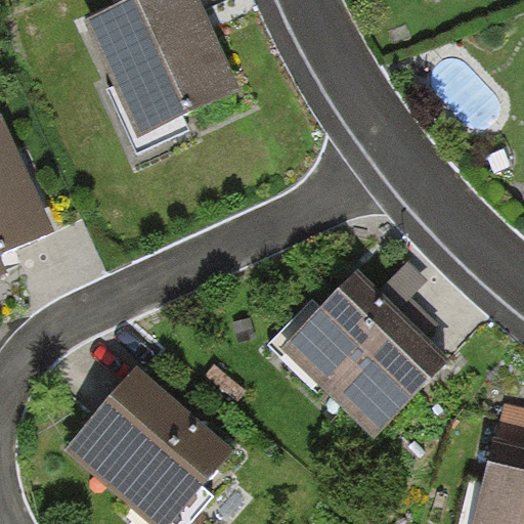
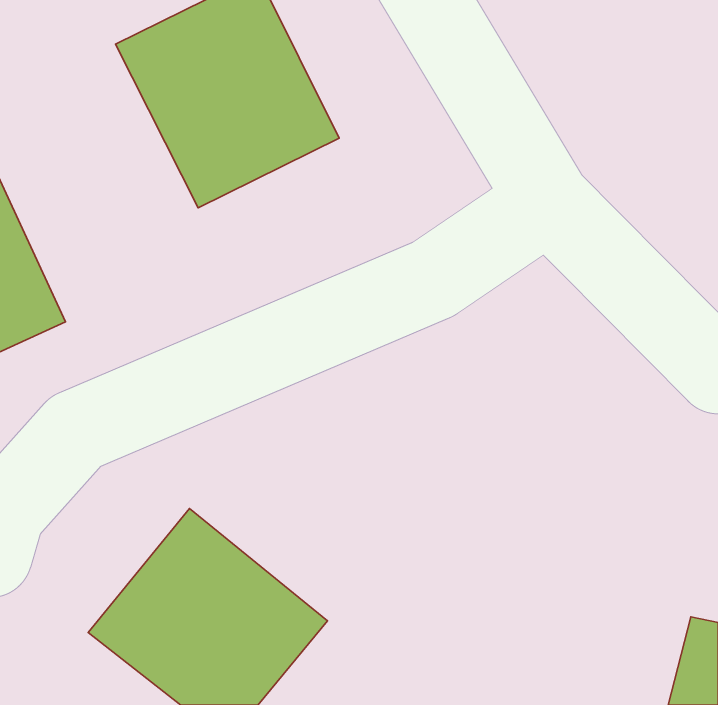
building: [280,269,447,433] -> none

